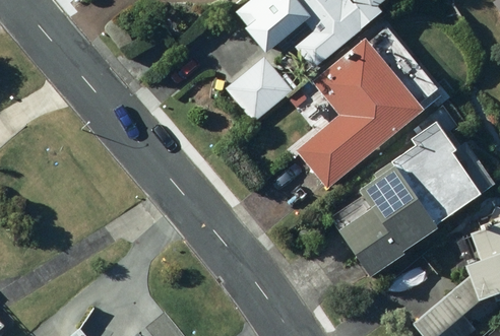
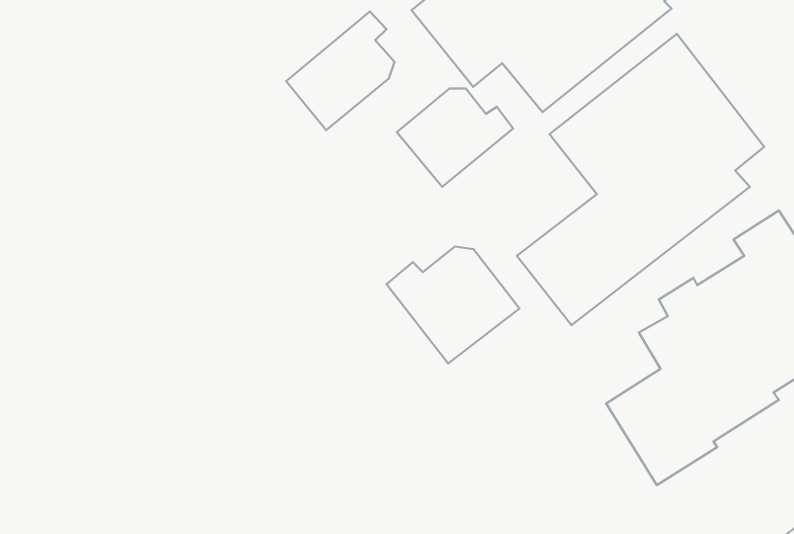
building: none -> [286,11,394,130]
building: none -> [386,246,519,363]

